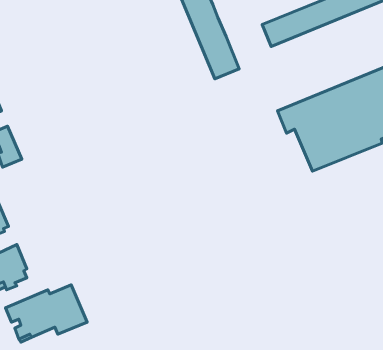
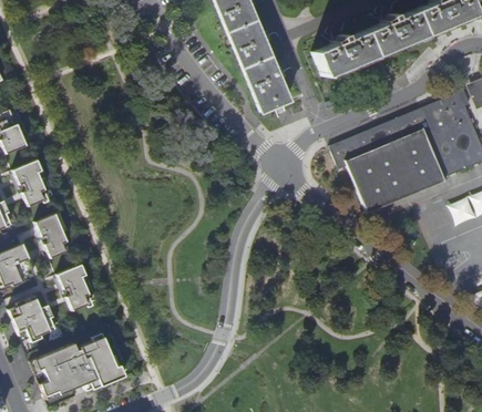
building: none -> [37,215,72,259]
building: none -> [59,267,94,312]

